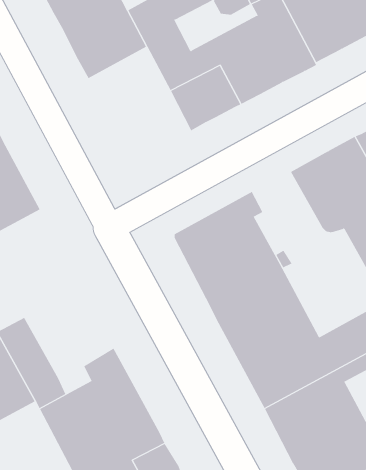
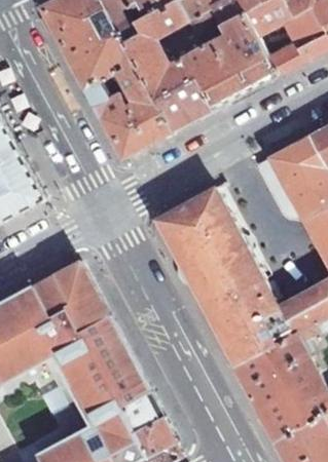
building: none -> [84,62,171,157]
building: none -> [31,263,106,353]

